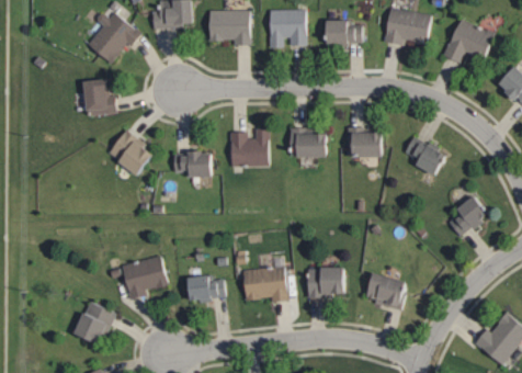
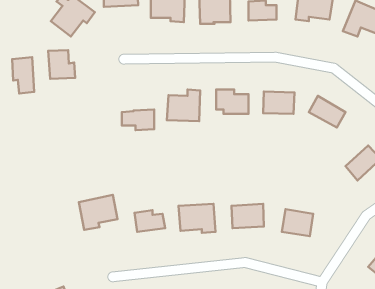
building: none -> [12,57,34,93]
building: [107,131,155,177] -> none
building: [75,303,114,346] -> none

